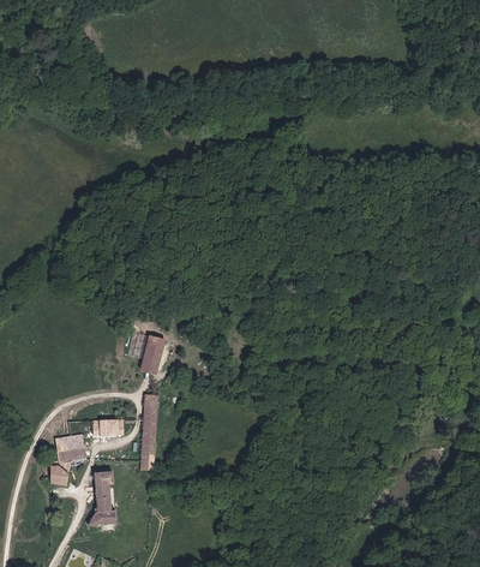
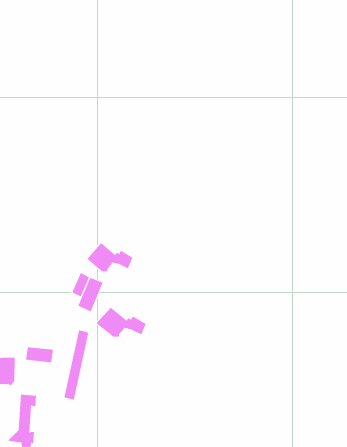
building: none -> [86,242,133,272]
building: none -> [95,307,147,338]

